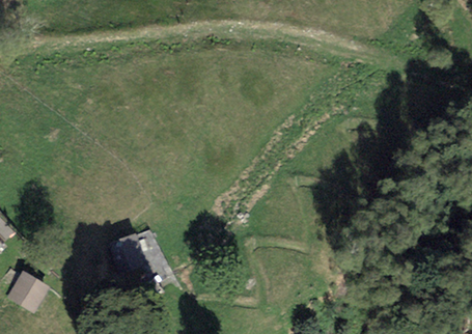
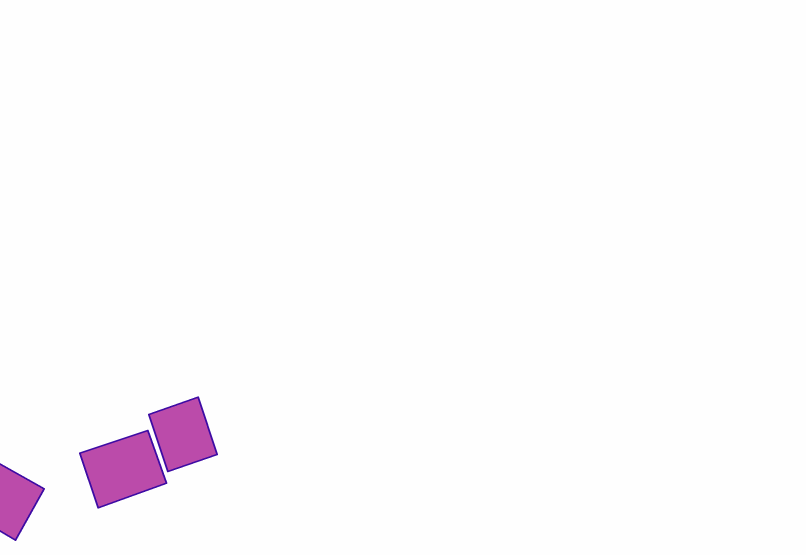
building: none -> [80,431,167,508]

